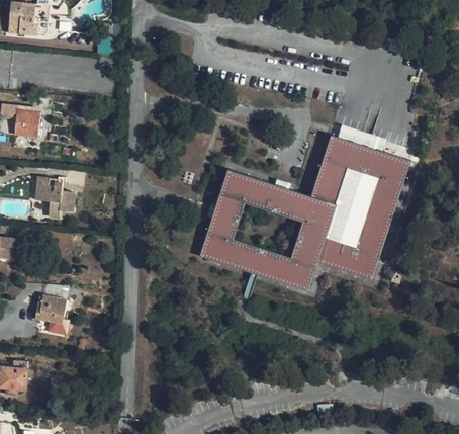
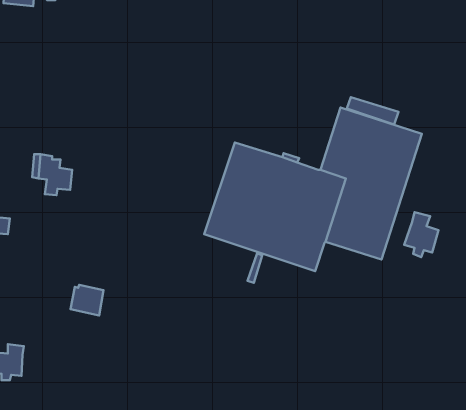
building: [13,108,40,137] -> none
building: none -> [404,212,439,257]
building: [34,294,66,324] -> [71,285,103,315]

